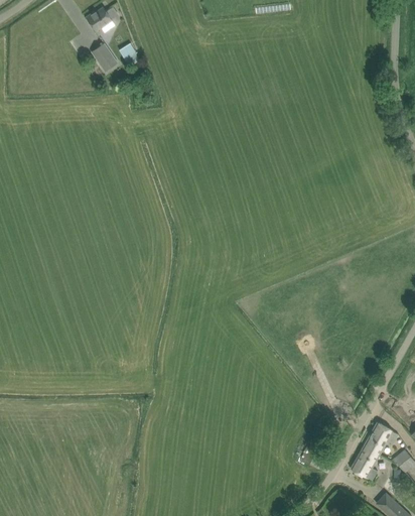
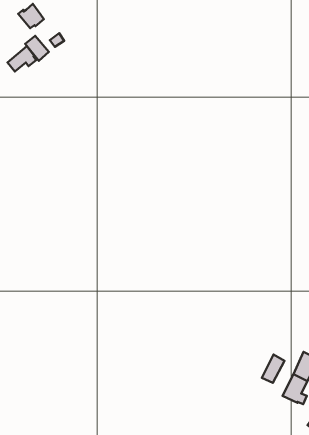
building: none -> [7,46,36,72]
building: none -> [262,355,285,383]

